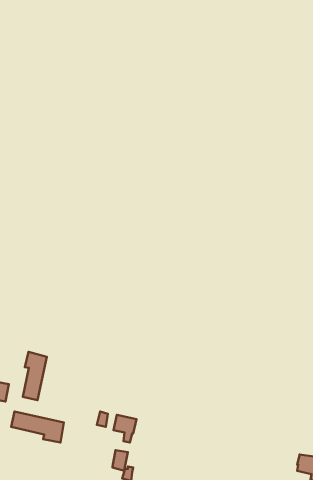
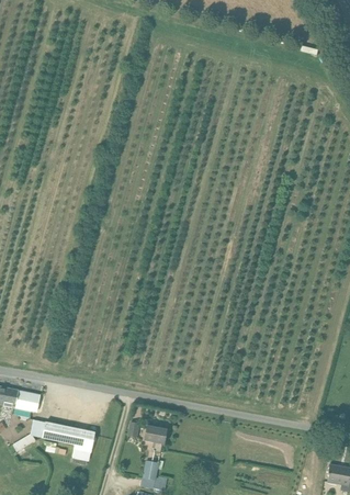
building: [23,352,47,400] -> none

